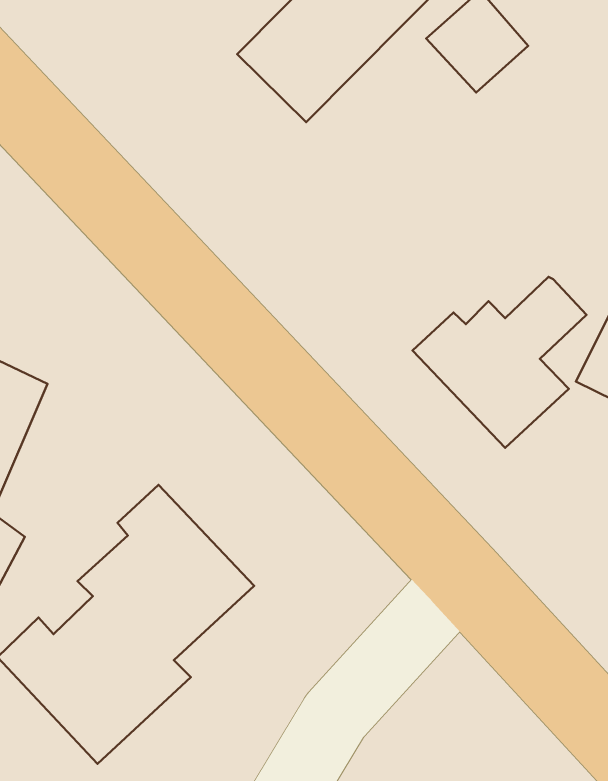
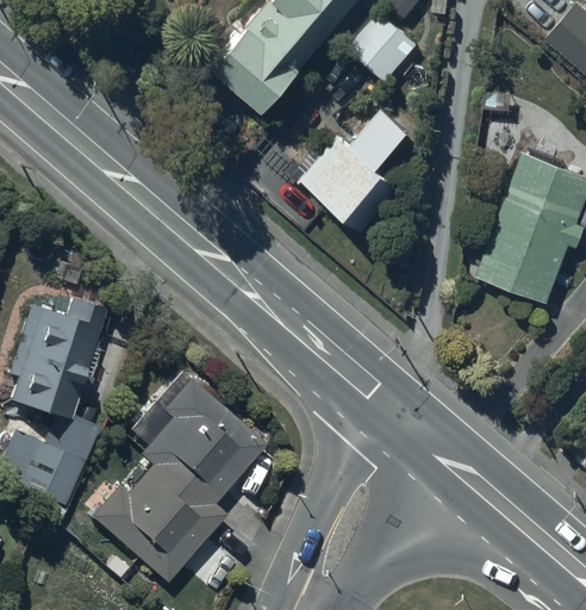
building: [413,277,587,448] -> [288,110,409,234]

